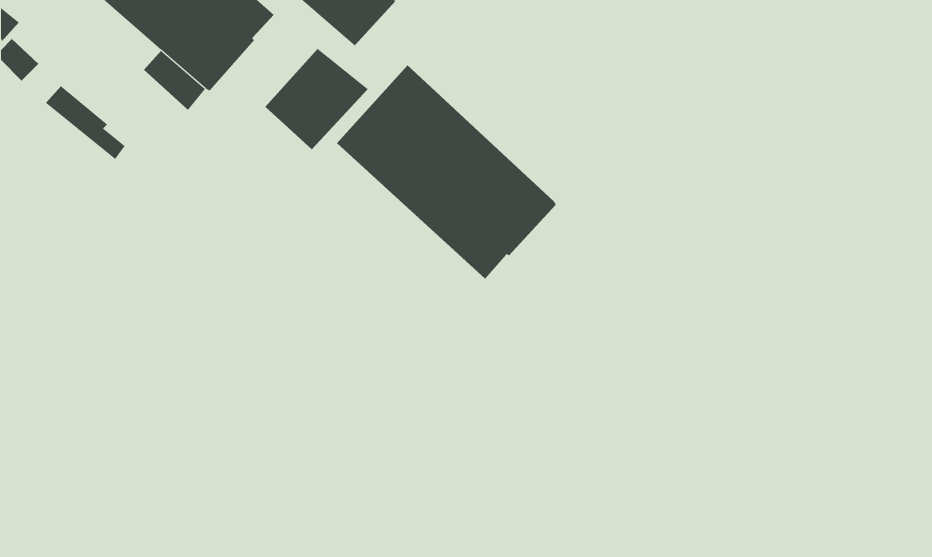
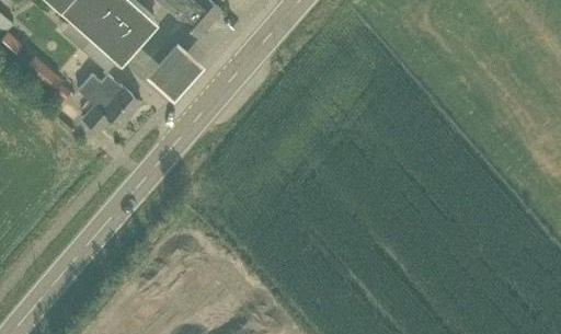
building: [336,65,557,279] -> none
building: none -> [79,74,141,133]

